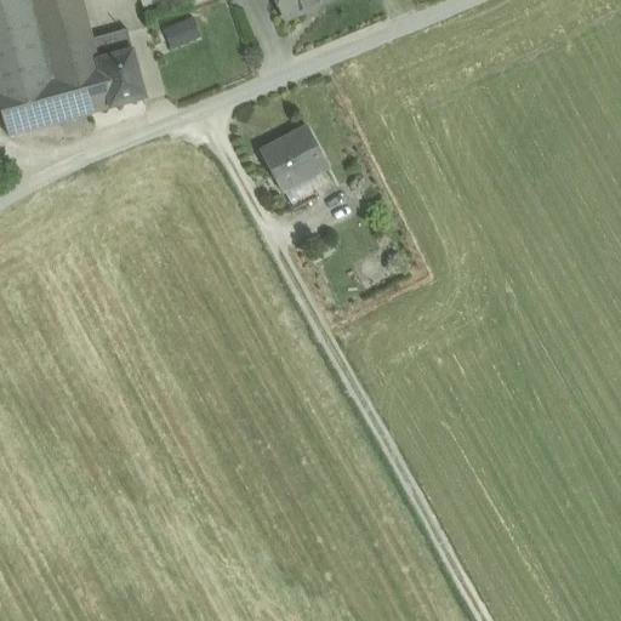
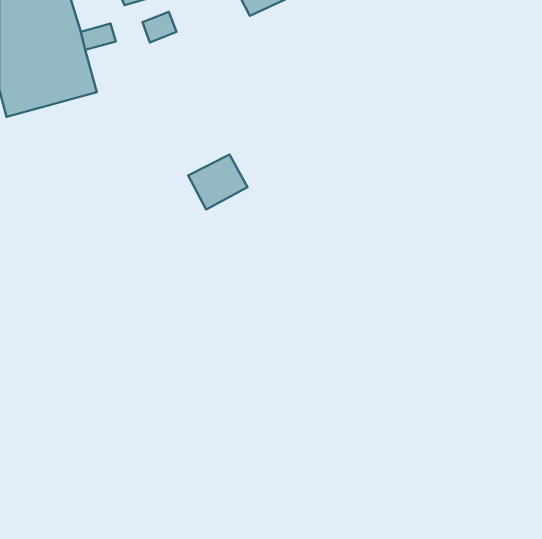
building: [97,47,146,106] -> none
building: [260,126,327,189] -> [188,154,248,210]

